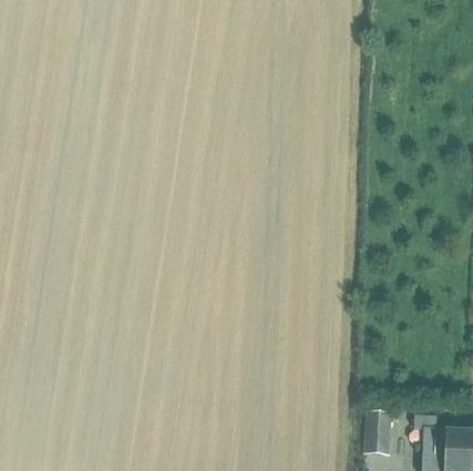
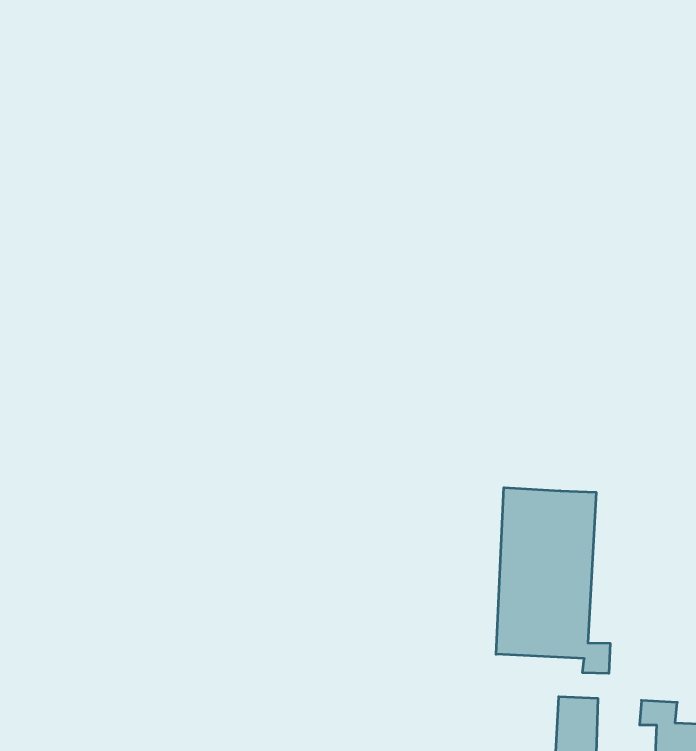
building: none -> [496,488,610,673]

